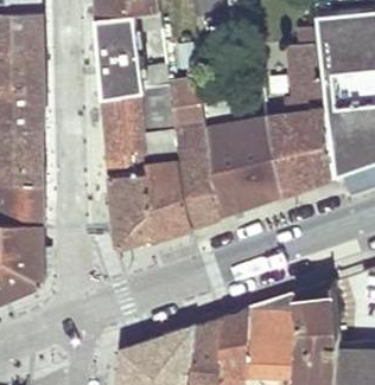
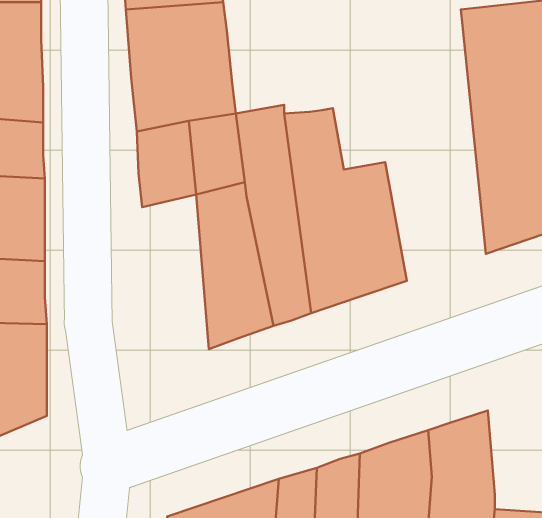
building: [267,27,333,195] -> none
building: [107,139,151,250] -> none

